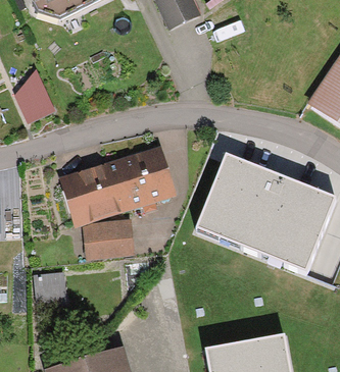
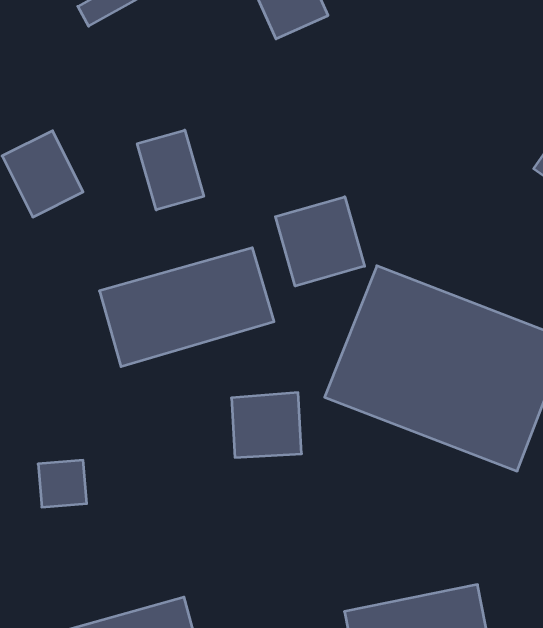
building: none -> [137,130,204,210]
building: none -> [275,197,365,286]
building: [87,216,127,253] -> [231,393,302,457]

